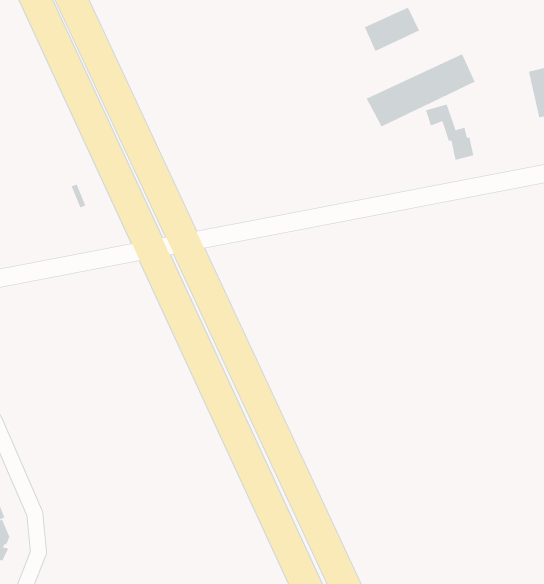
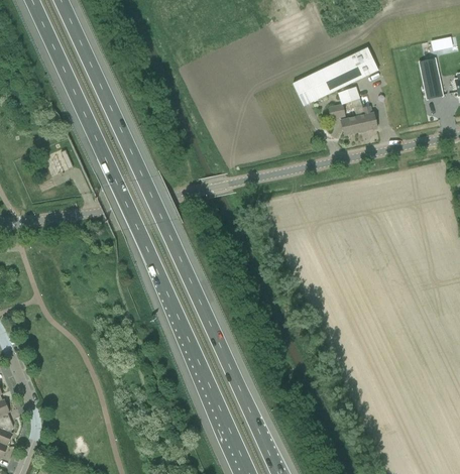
building: [364,7,420,52] -> none
building: none -> [328,104,361,135]

